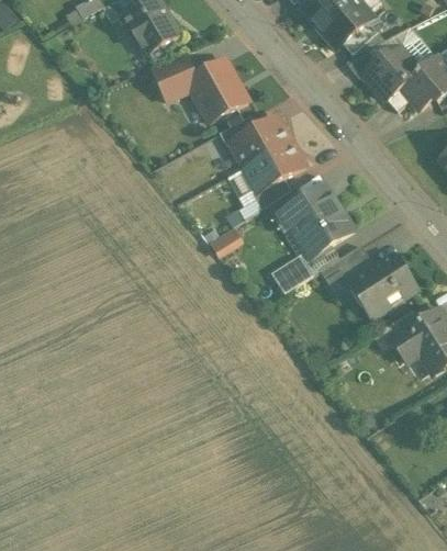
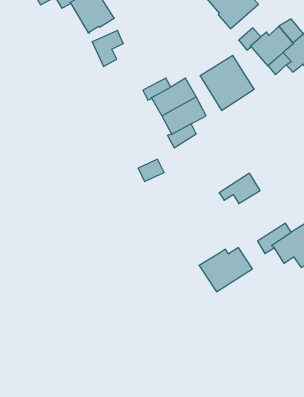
building: [187,59,248,122] -> none
building: [283,183,356,257] -> [200,55,254,110]
building: [272,254,314,292] -> none
building: [348,259,420,318] -> [199,247,252,292]

